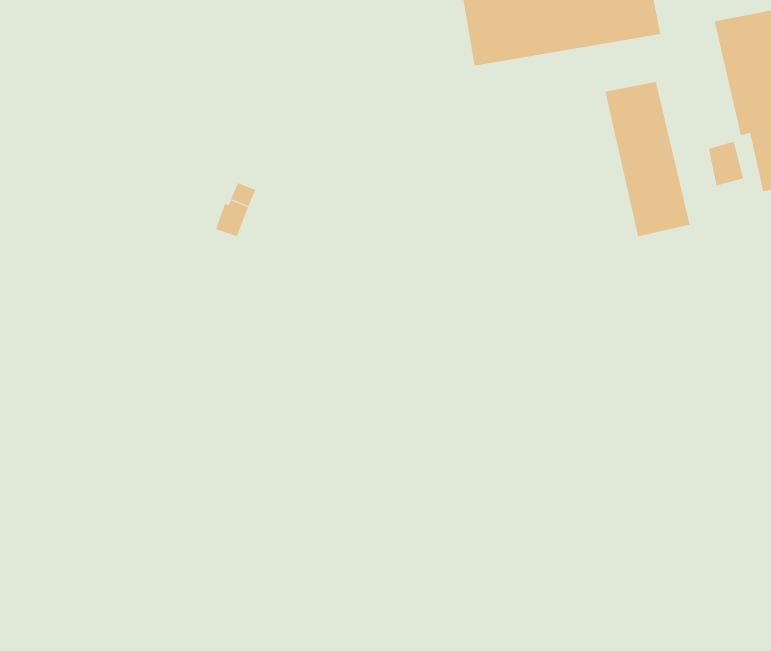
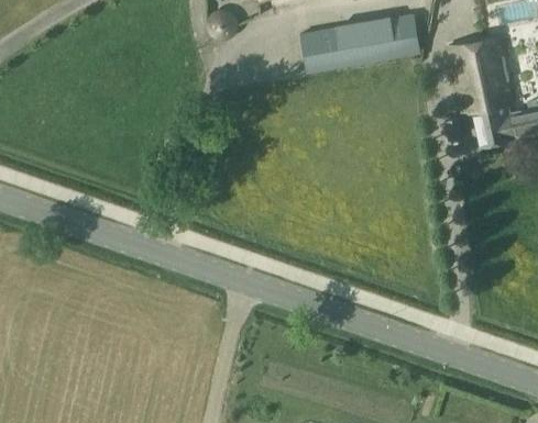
building: [605,81,690,237] -> none

